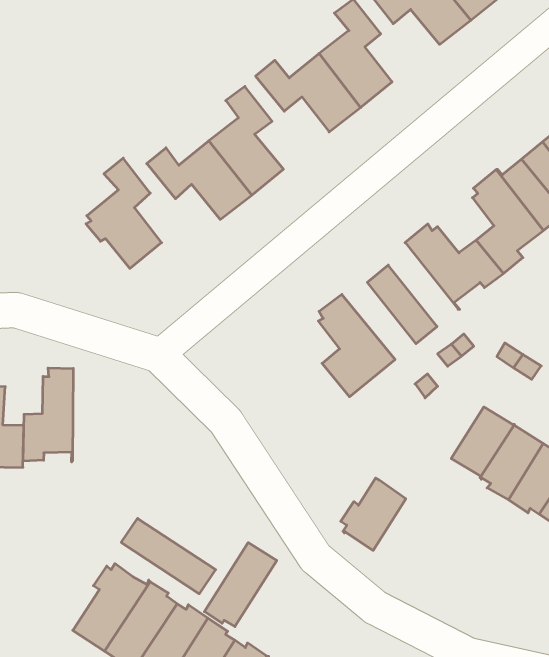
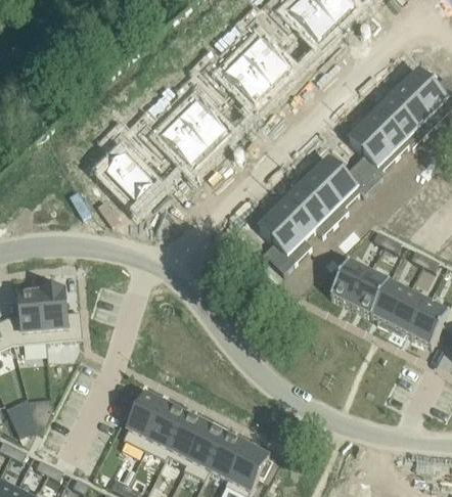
building: none -> [299,170,346,221]
building: none -> [271,197,321,244]
building: [23,368,73,462] -> none
building: [341,478,406,550] -> [328,258,368,304]
building: [121,518,216,594] -> none
building: [204,543,277,627] -> none

